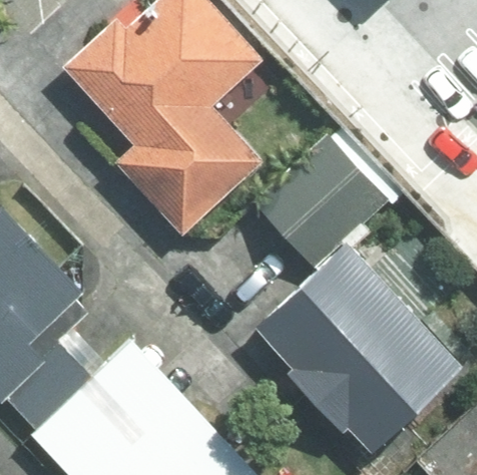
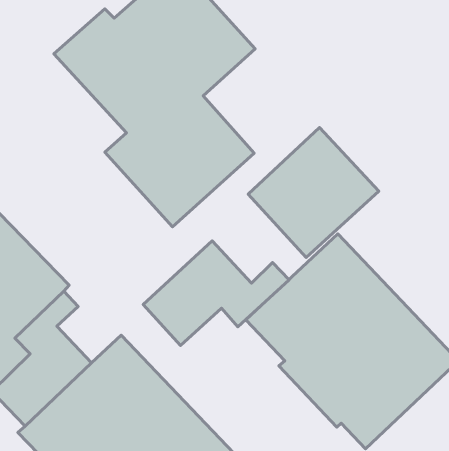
building: none -> [143,241,289,345]

